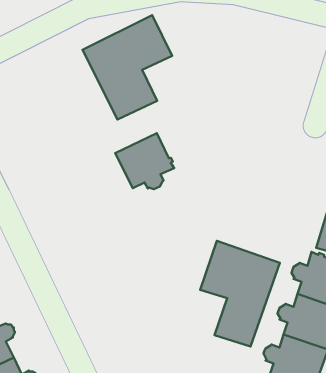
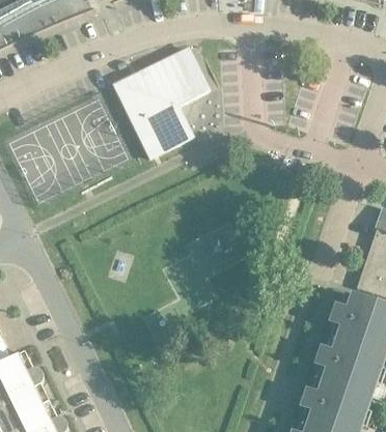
building: [115,133,174,189] -> none
building: [200,241,280,347] -> none

